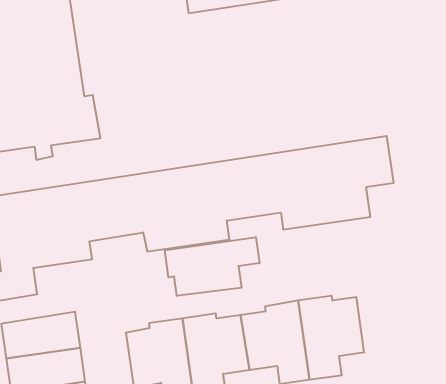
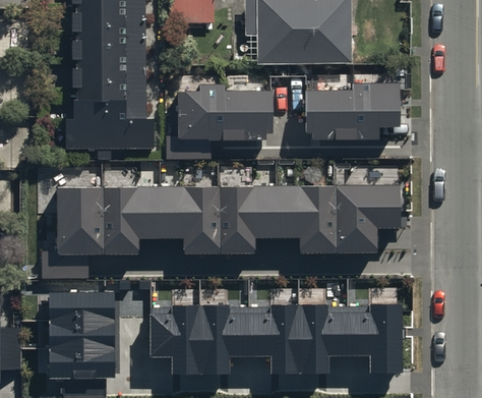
building: none -> [307,83,400,145]
building: none -> [169,93,272,161]
building: [165,237,259,296] -> none
building: none -> [350,309,400,377]

